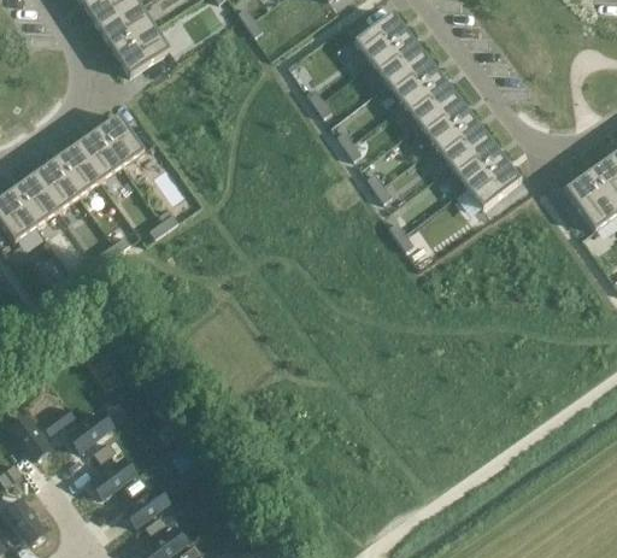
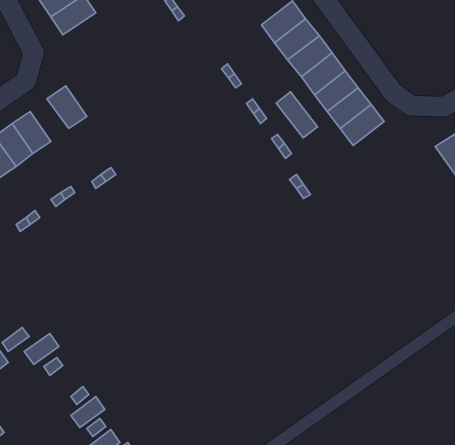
building: [114,24,169,74] -> none
building: none -> [276,92,318,138]
building: [75,128,122,180] -> none
building: [465,155,519,206] -> none
building: [90,458,133,497] -> none

